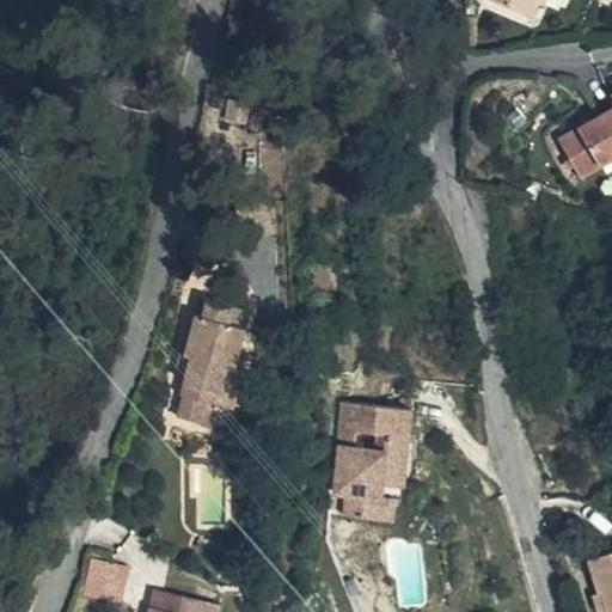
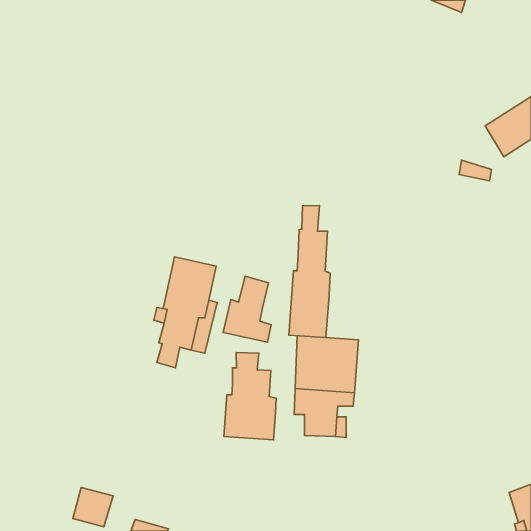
building: none -> [289,206,330,337]
building: none -> [223,276,271,342]
building: none -> [224,353,276,440]

